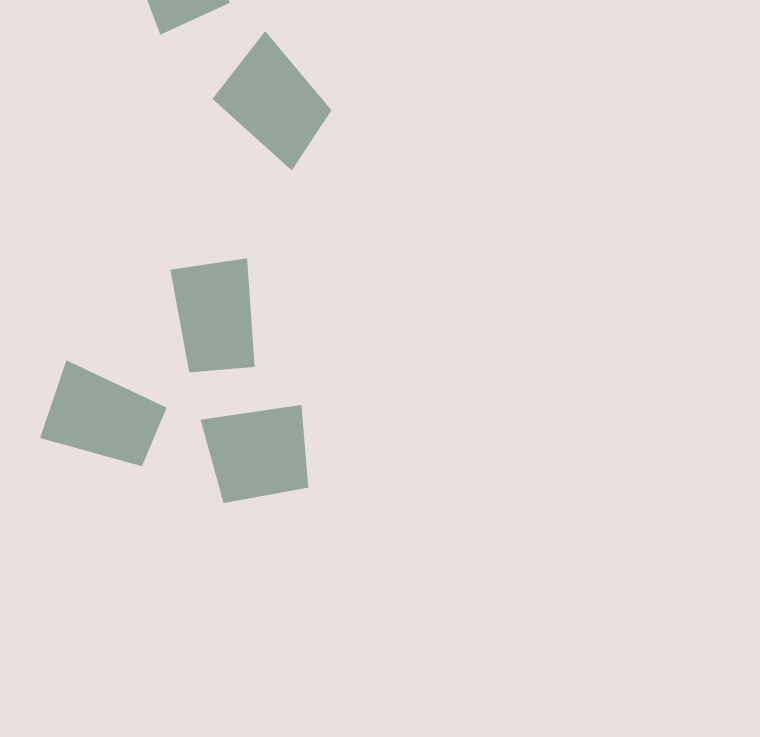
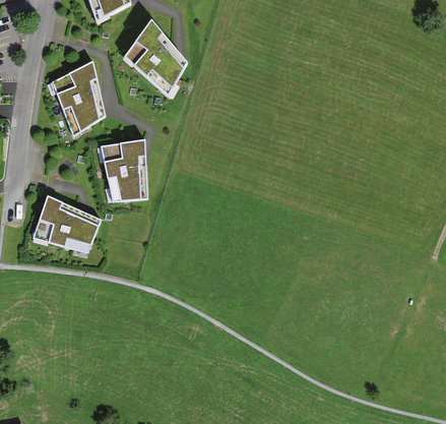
building: none -> [53,62,104,135]
building: [200,404,309,504] -> none

